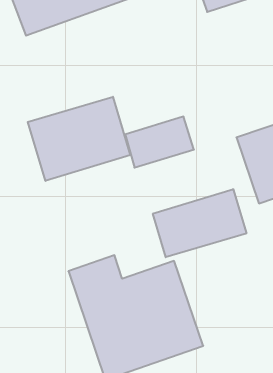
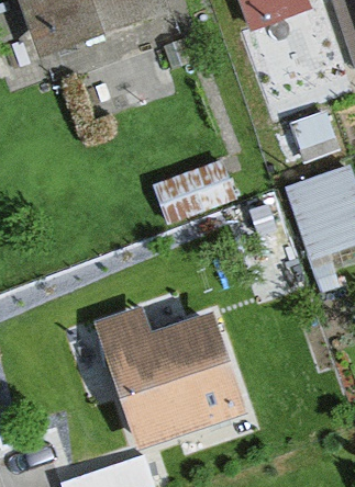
building: [28,97,130,181] -> none
building: [153,189,246,257] -> none

